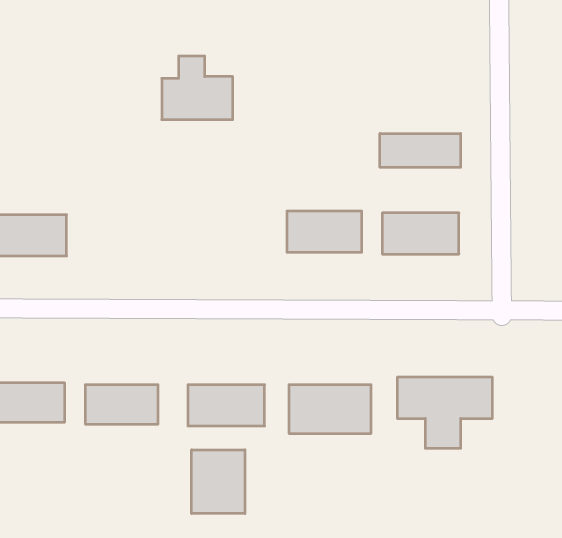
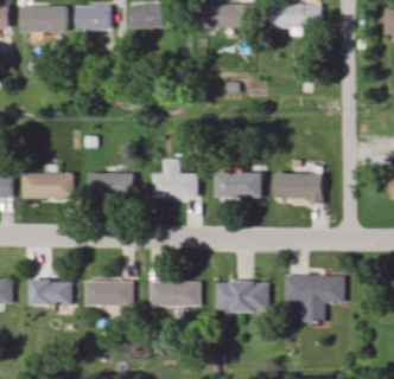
building: [162,56,233,120] -> [152,159,197,199]
building: [380,133,461,167] -> none
building: none -> [87,173,133,200]
building: [192,450,245,514] -> none

